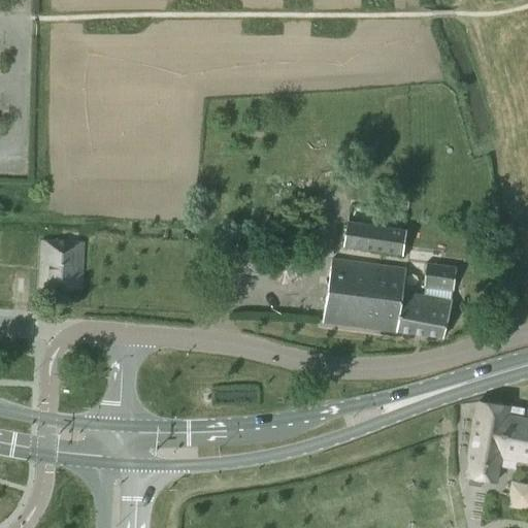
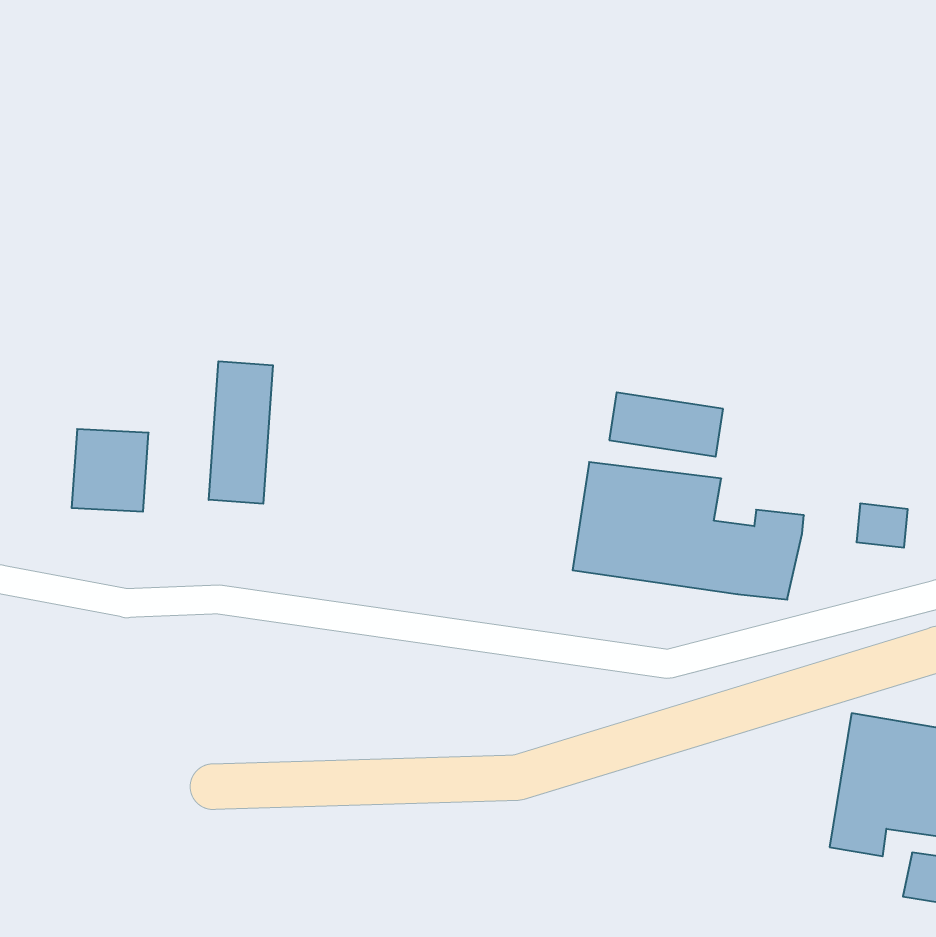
building: none -> [209,361,273,504]
building: [426,265,455,290] -> [856,504,908,548]

